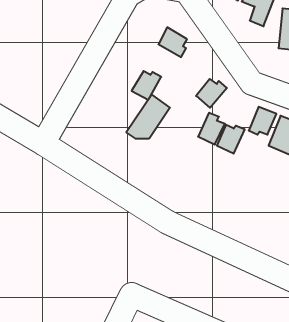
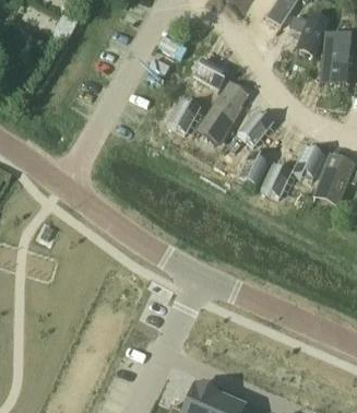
building: [126,95,170,138] -> [199,79,247,127]

